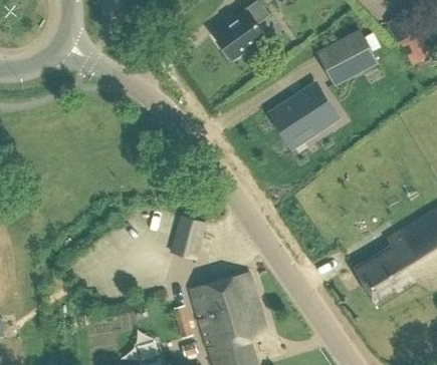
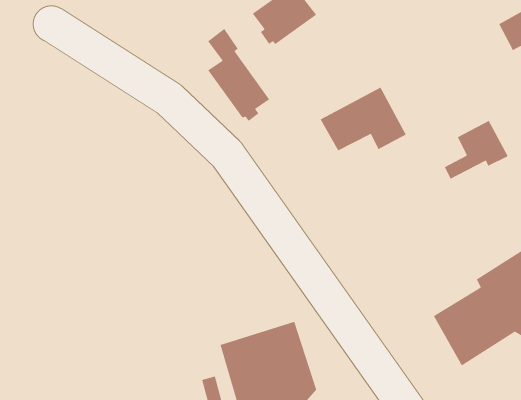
building: [325,33,376,79] -> [444,120,509,180]
building: none -> [207,28,270,122]
building: [171,216,205,260] -> none

